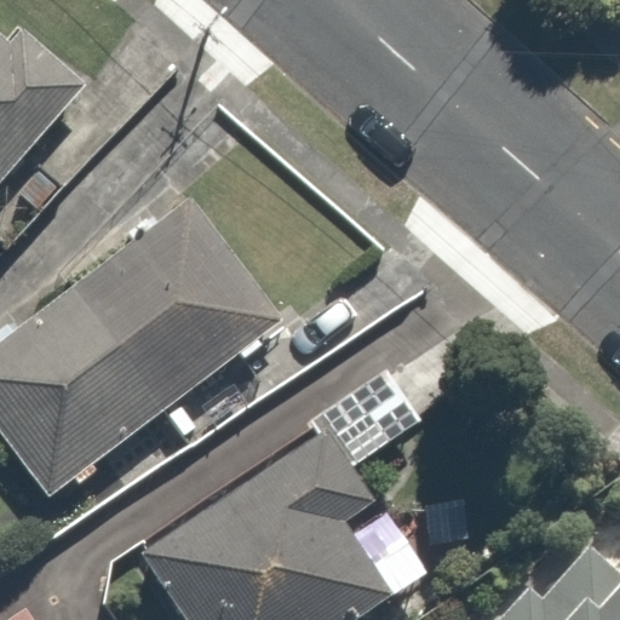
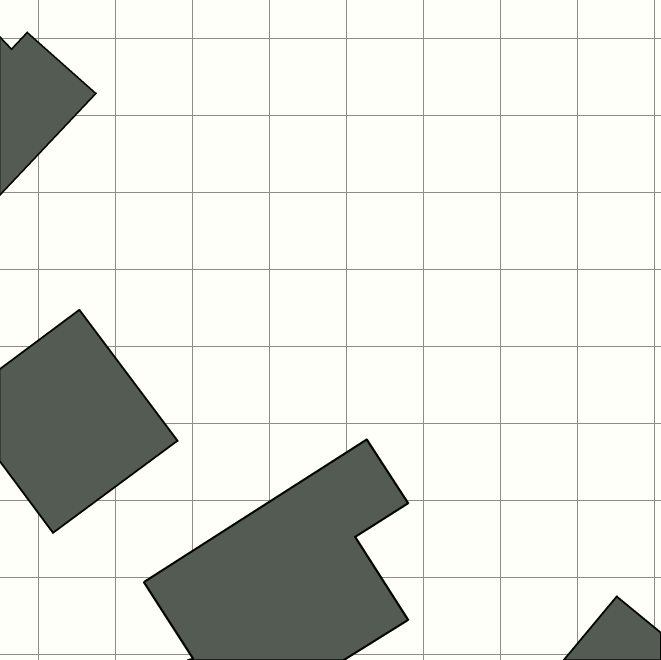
building: [74,200,283,412] -> none

